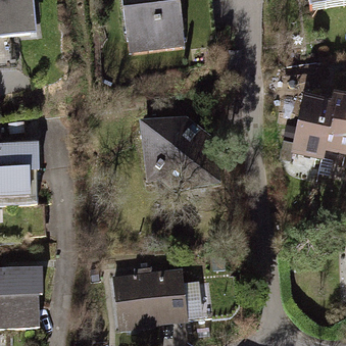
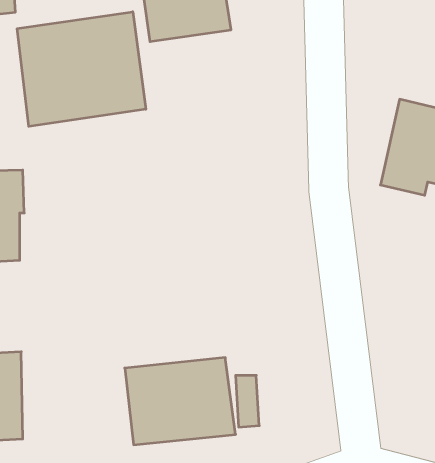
building: none -> [17,12,146,126]
building: [137,114,216,194] -> none

